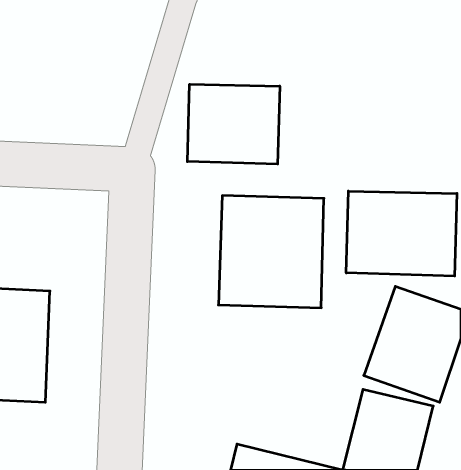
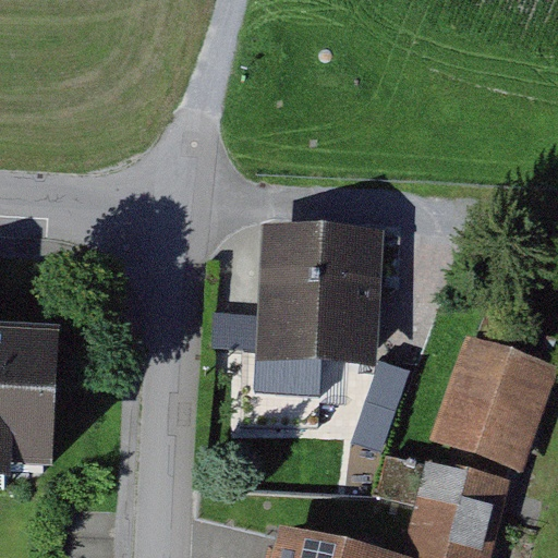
building: [187,84,280,164] -> none
building: [346,191,457,276] -> none

